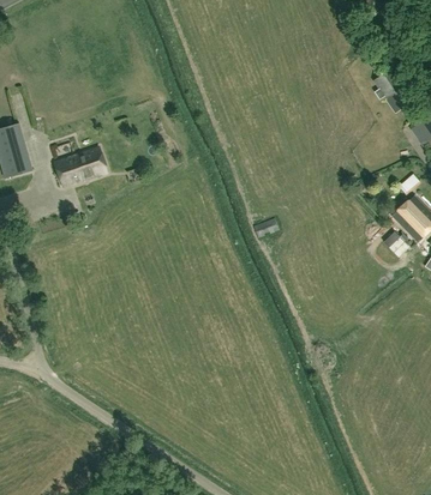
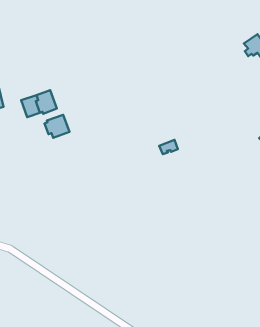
building: none -> [44,115,69,138]

